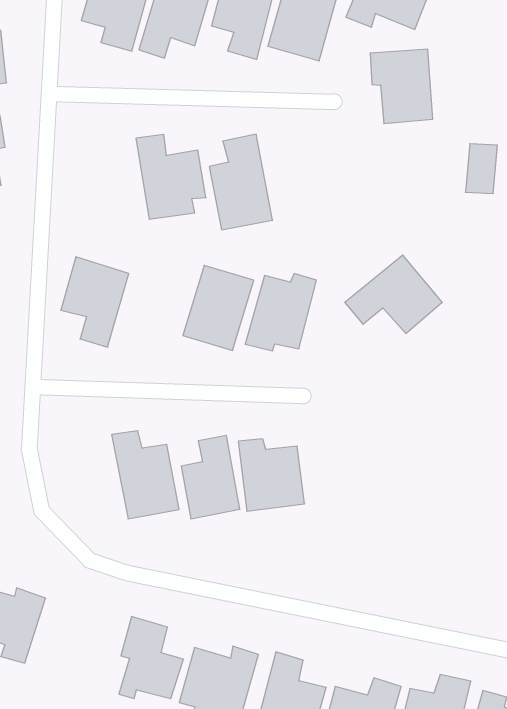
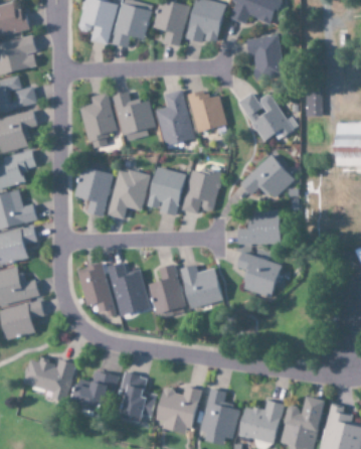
building: none -> [81,93,117,148]
building: none -> [188,89,227,132]
building: none -> [239,92,299,141]
building: none -> [108,167,151,218]
building: none -> [238,209,282,244]
building: none -> [236,251,283,297]
building: none -> [76,263,116,316]
building: none -> [71,369,119,411]

